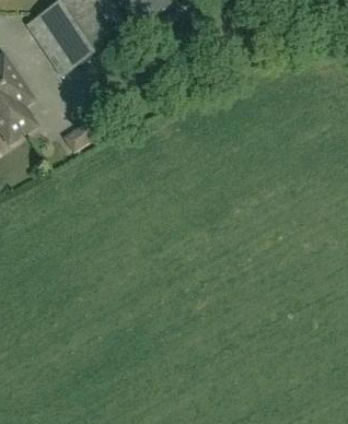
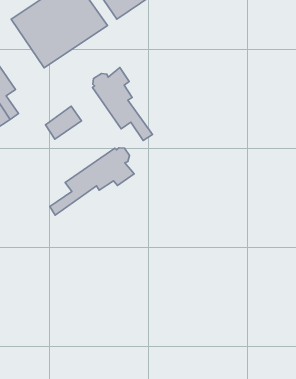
building: none -> [93,68,152,140]
building: none -> [50,148,134,215]

